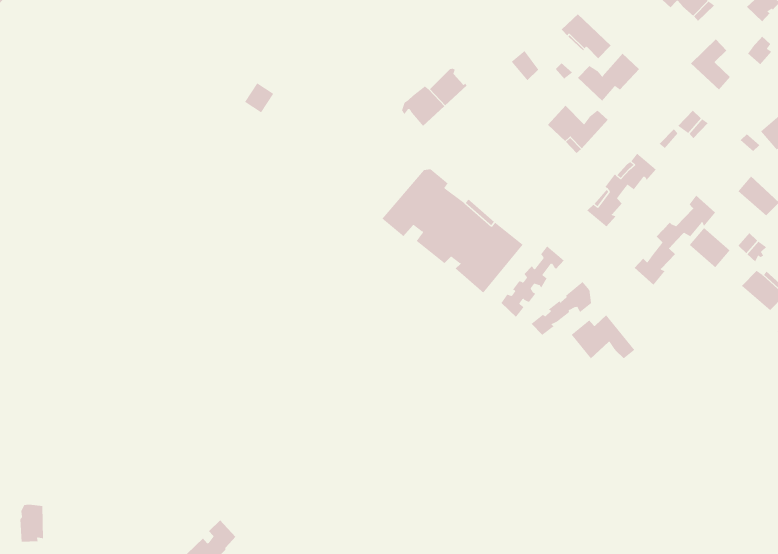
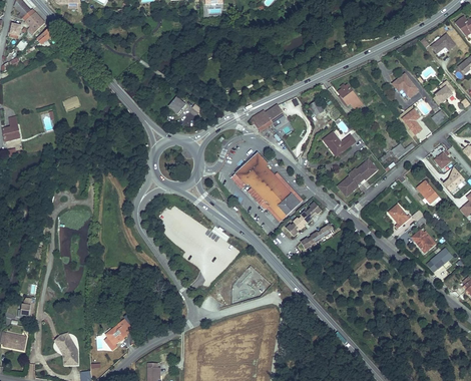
building: [577,53,640,102] -> none
building: [634,195,716,285] -> none
building: [571,315,635,359] -> none

